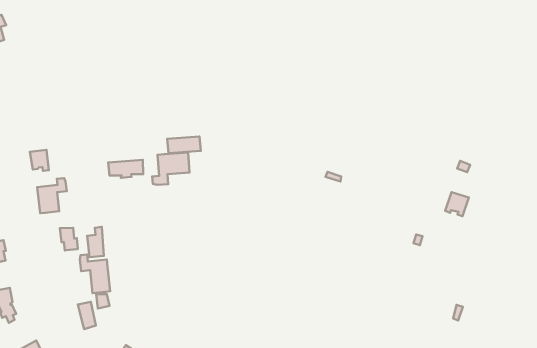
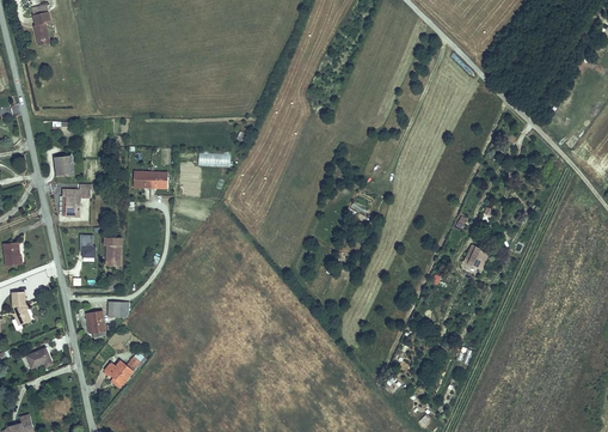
building: [152,153,190,185] -> none
building: [80,254,110,293] -> none

